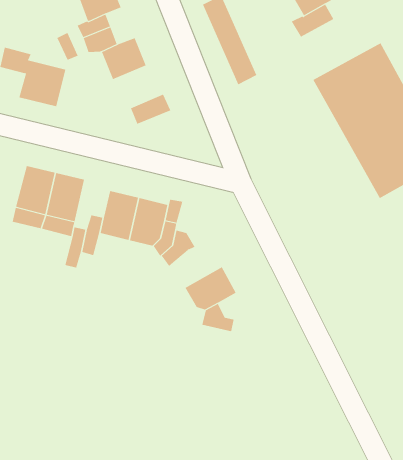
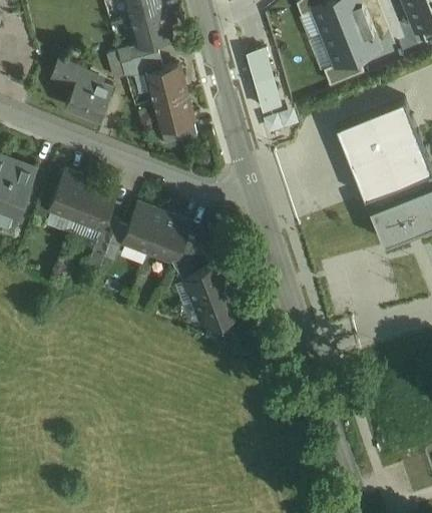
building: none -> [152,93,192,129]
building: none -> [184,261,231,302]

